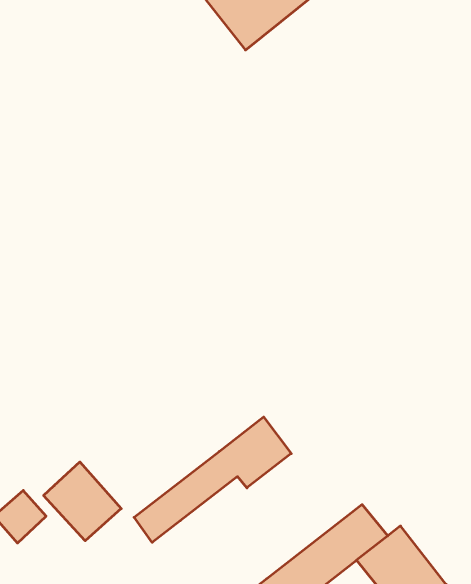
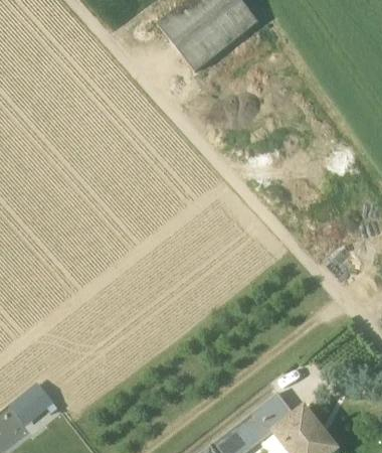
building: [134,417,291,542] -> none
building: [44,462,121,541] -> none

